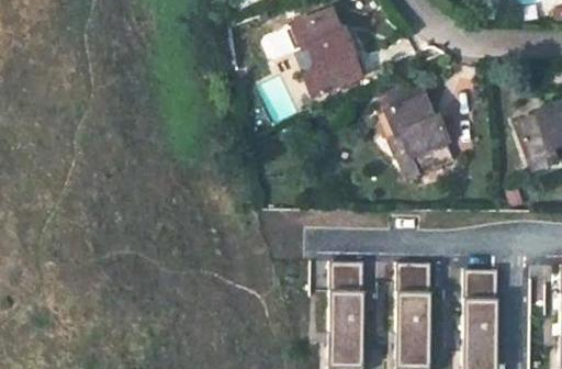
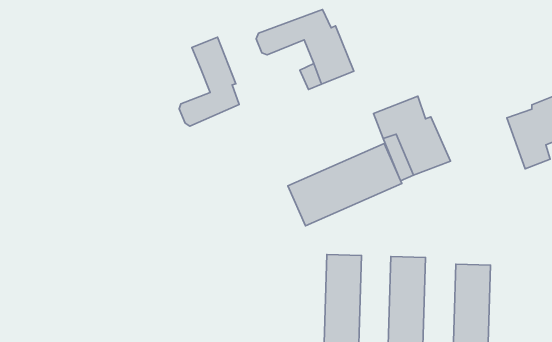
building: none -> [179,37,239,126]
building: none -> [288,144,402,226]

